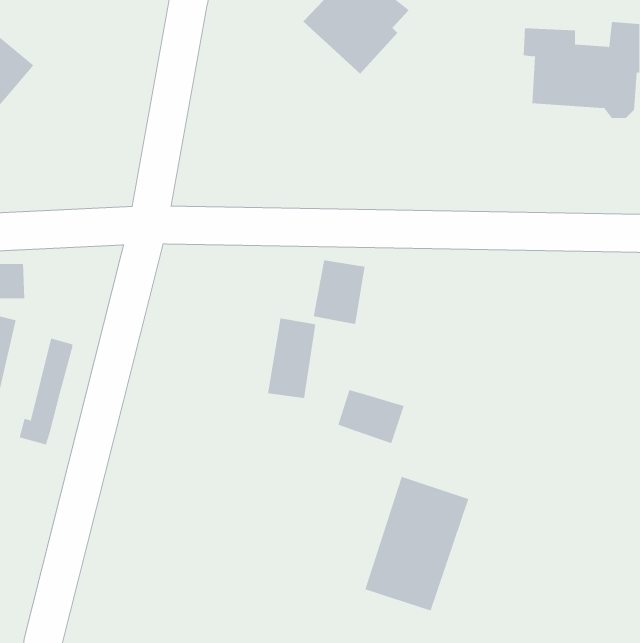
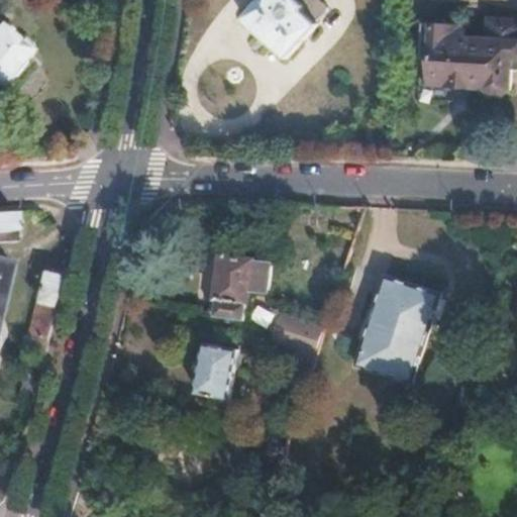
building: [313,260,365,325] -> none
building: none -> [195,340,238,397]
building: [364,476,469,611] -> [352,278,436,386]

